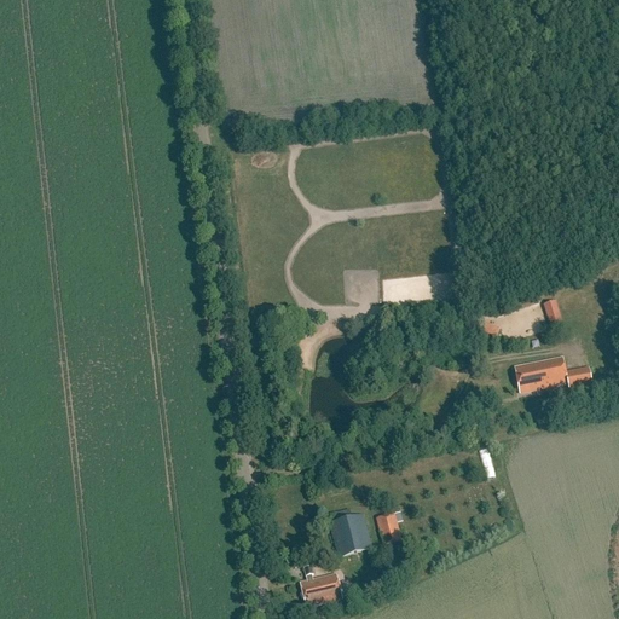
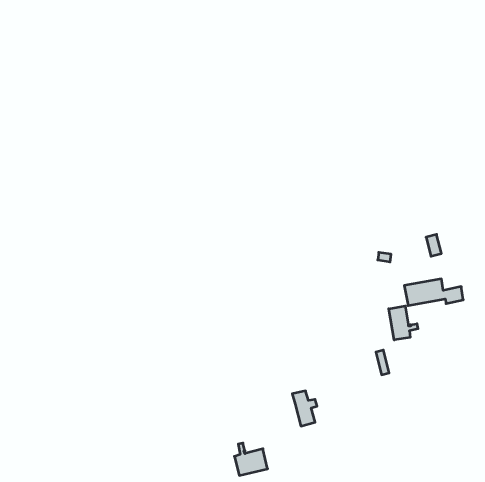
building: none -> [389,306,418,340]
building: [330,508,370,555] -> none

